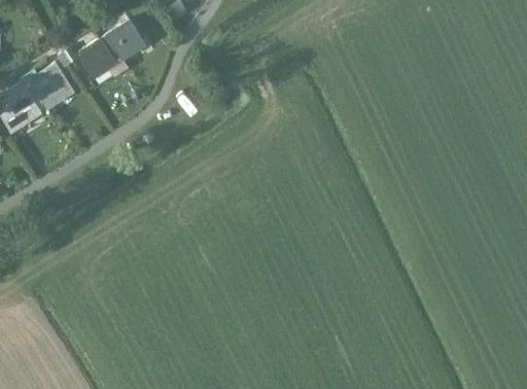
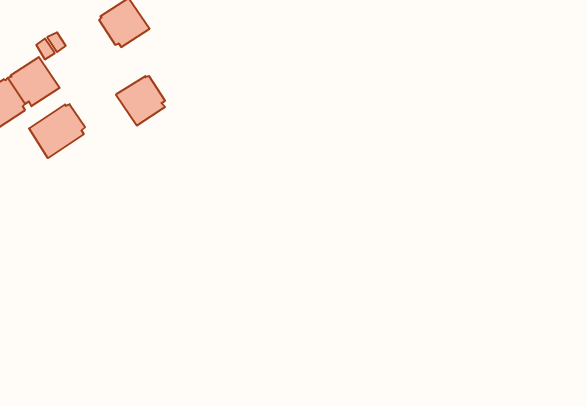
building: [76,37,117,78] -> [116,76,165,125]
building: none -> [29,104,85,158]

